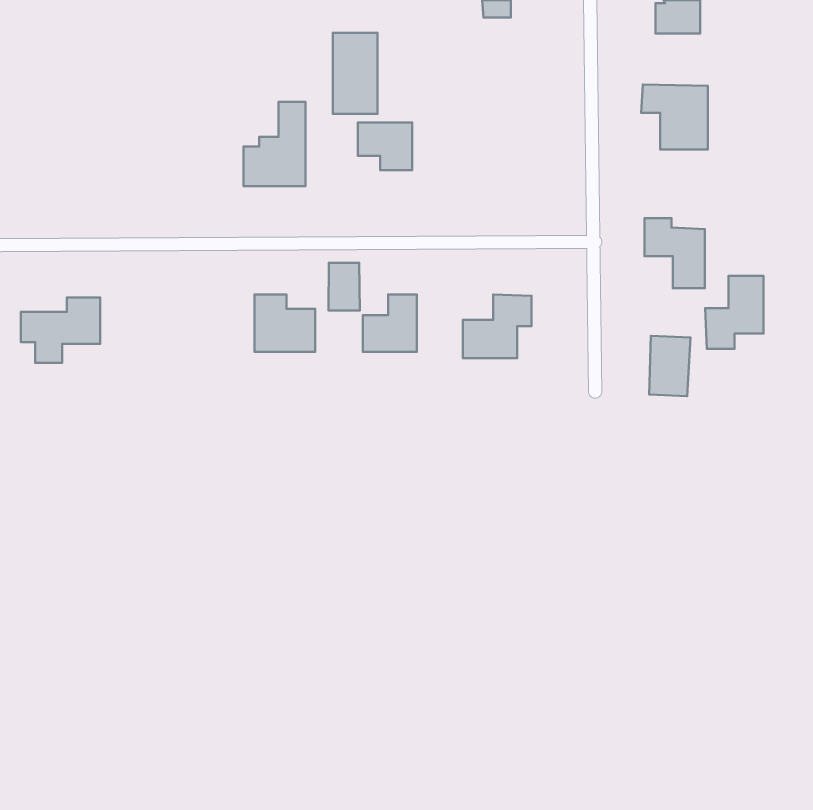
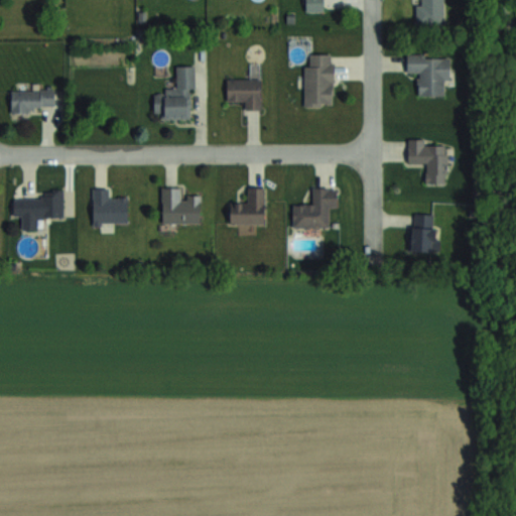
building: [333,33,377,114] -> [304,55,333,107]
building: none -> [11,91,54,111]
building: [328,263,360,310] -> none
building: [705,276,764,349] -> none
building: none -> [93,189,128,226]

